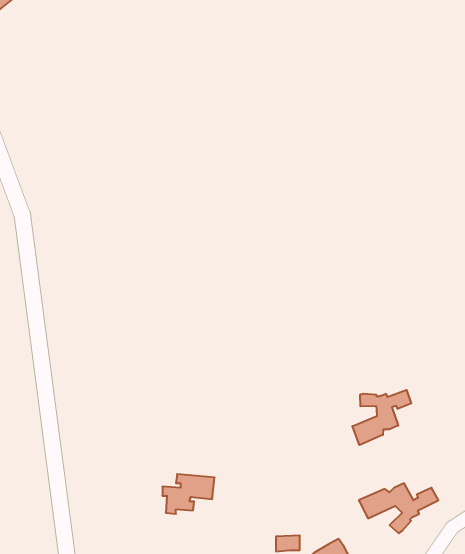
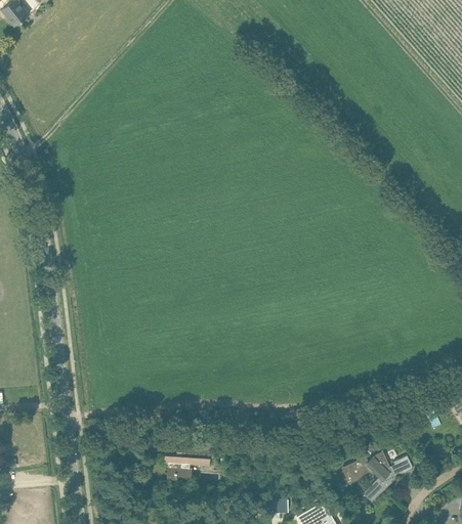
building: [352,390,411,445] -> none

